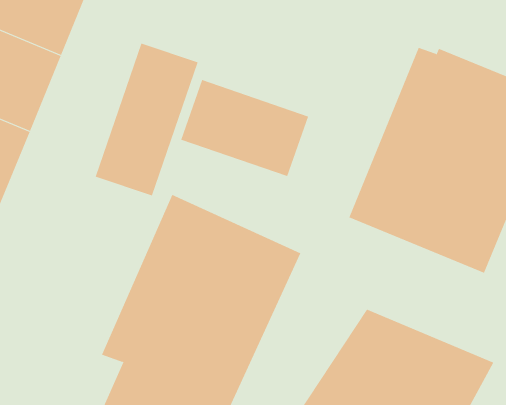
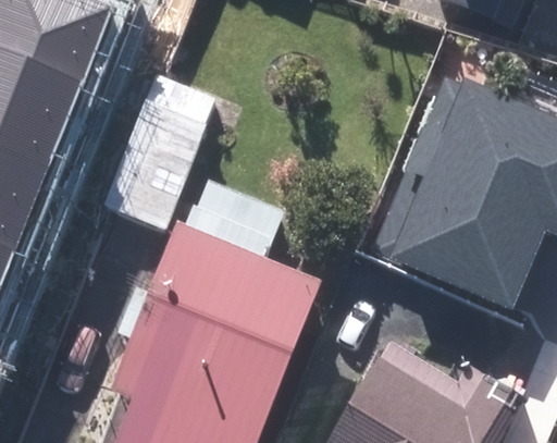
building: [180,79,309,177] -> none

